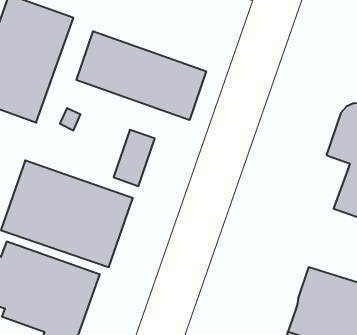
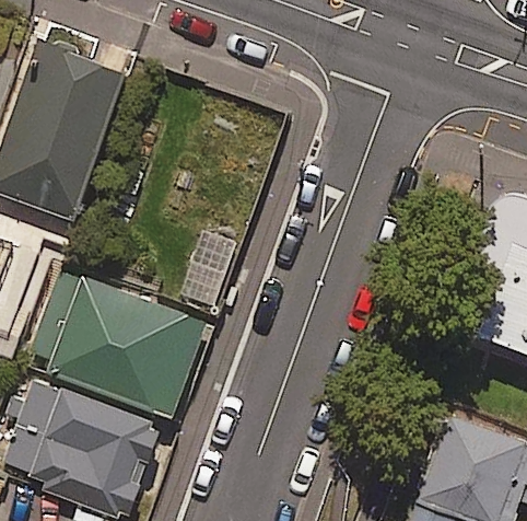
building: [76,31,206,120] -> none

